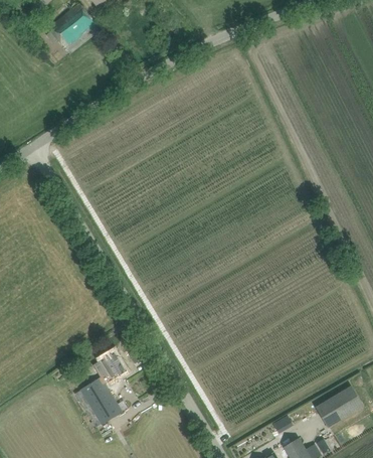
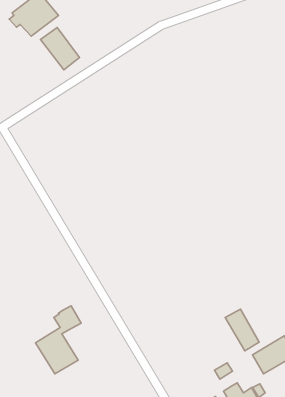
building: none -> [41,28,79,70]
building: none -> [225,309,259,351]

